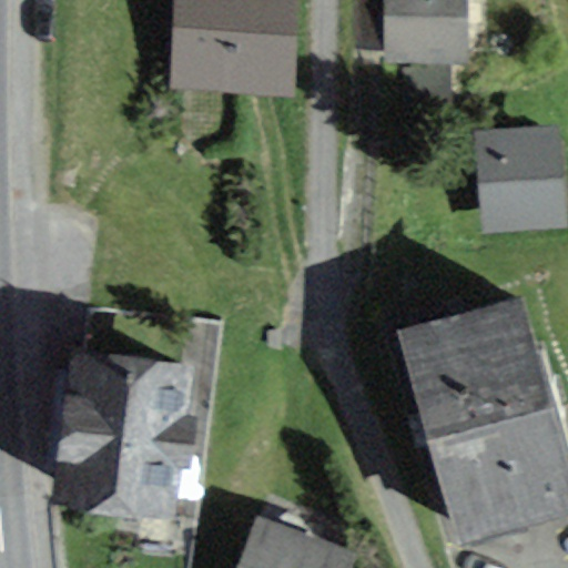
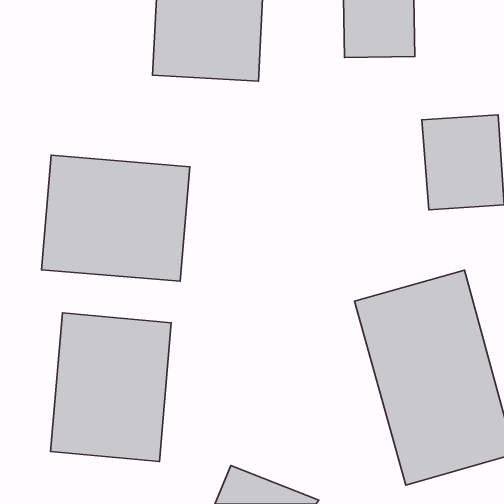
building: none -> [41,155,190,281]

